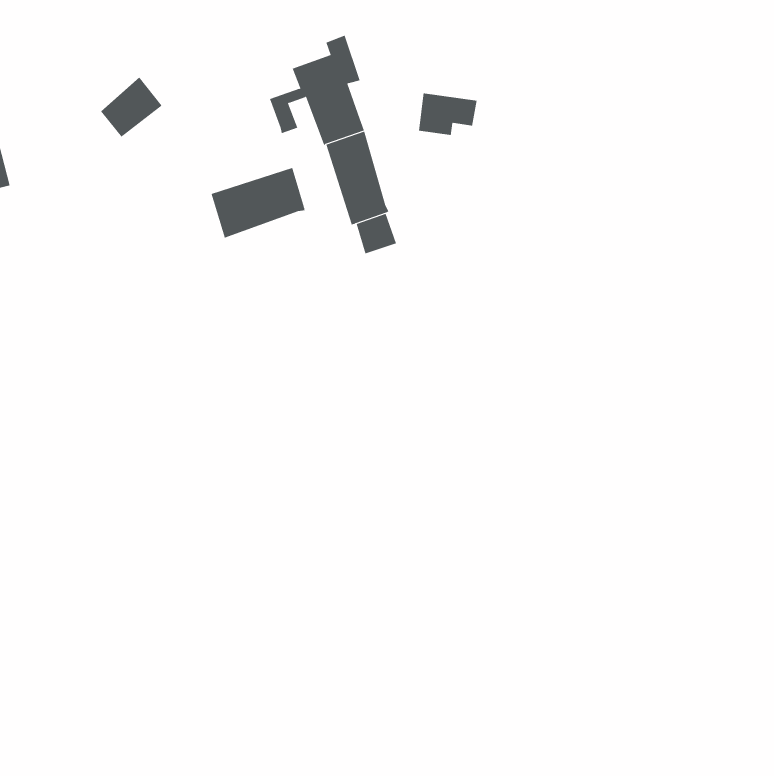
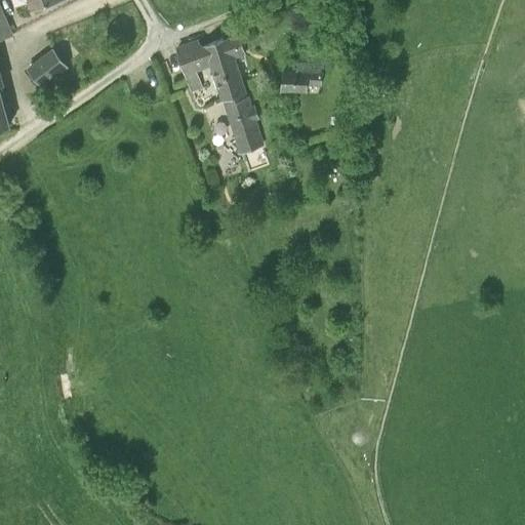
building: [100,77,162,137] -> [25,46,67,87]
building: [211,167,305,238] -> none

